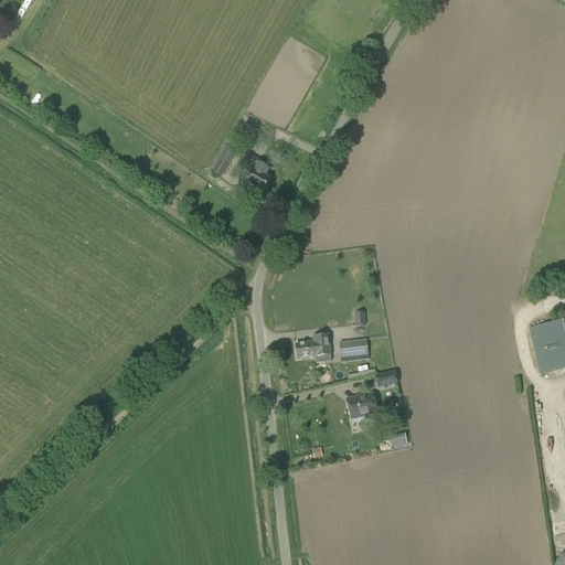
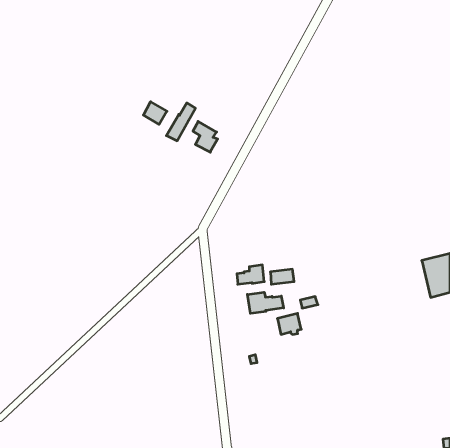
building: none -> [143,102,167,124]
building: none -> [247,292,284,313]

